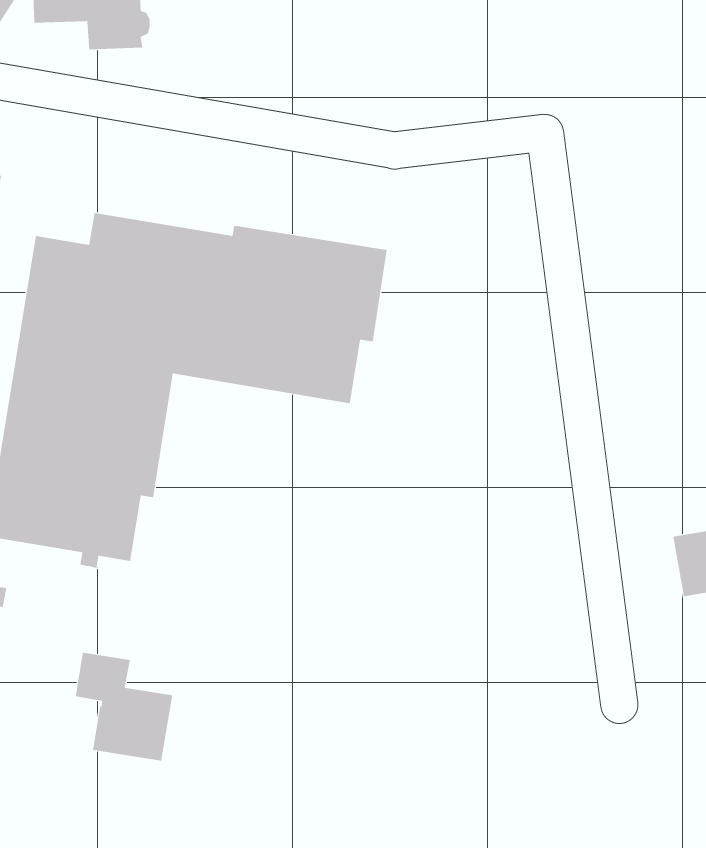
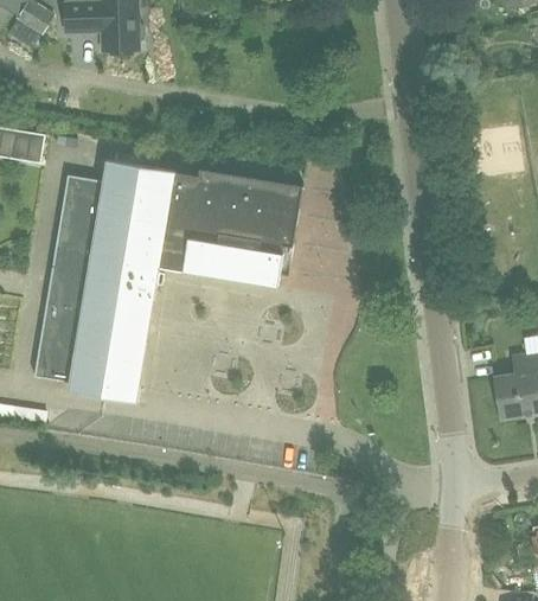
building: [75,652,173,761] -> none

